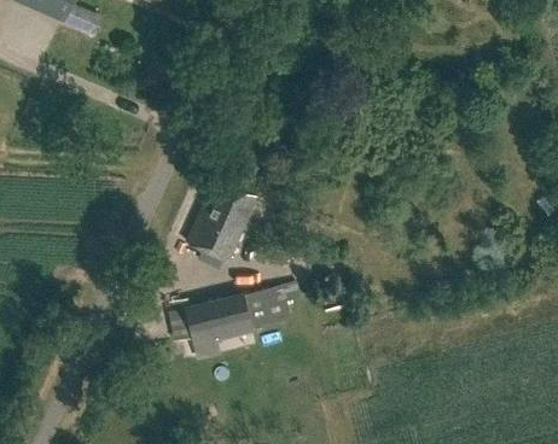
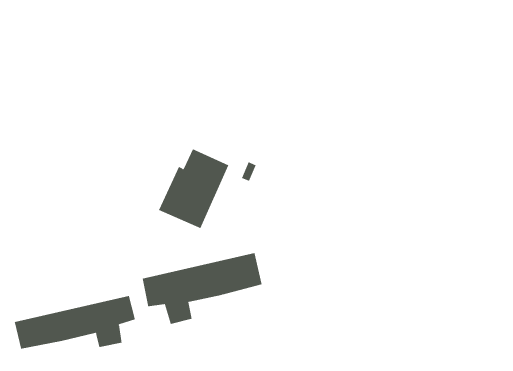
building: none -> [14,295,136,350]

